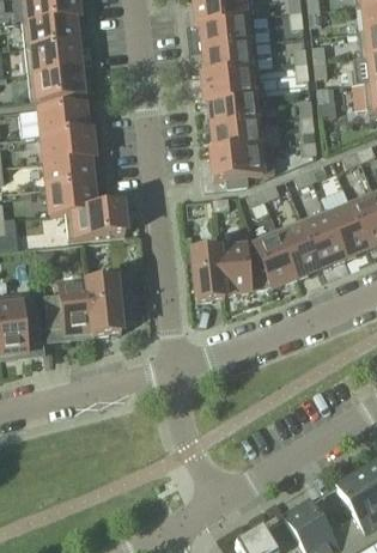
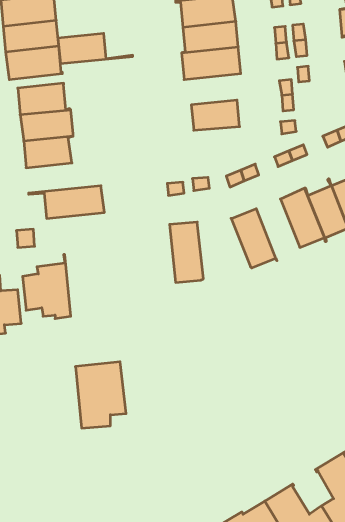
building: [205,93,262,124] -> none
building: [211,146,263,186] -> none
building: [48,182,122,212] -> [58,33,133,64]
building: [276,218,320,279] -> none
building: [218,237,270,297] -> none
building: [86,268,136,334] -> [75,362,126,428]

